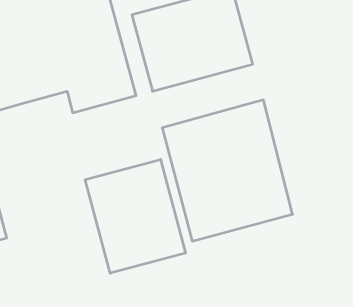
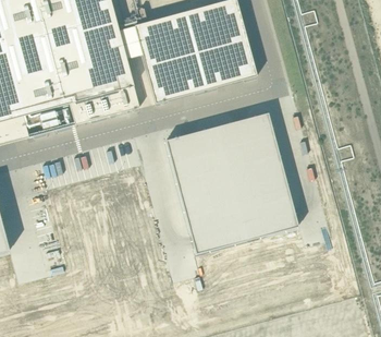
building: [85,159,186,273] -> none

